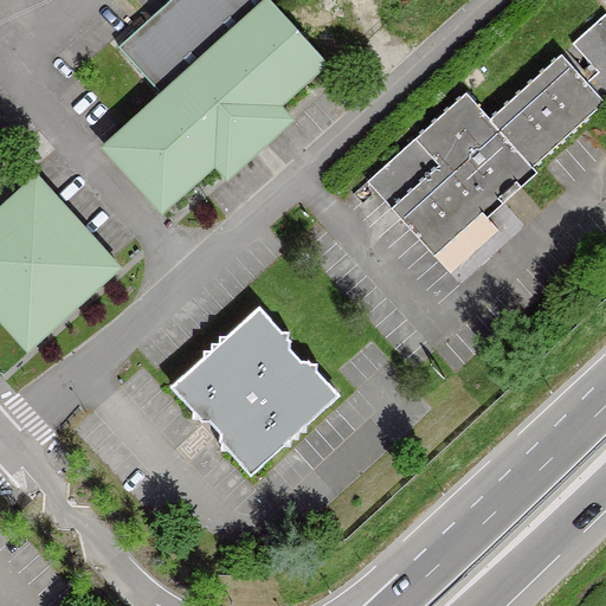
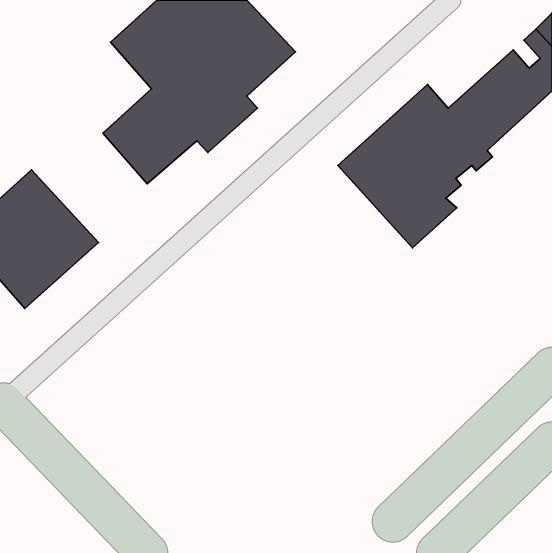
building: [174,308,339,472] -> none

